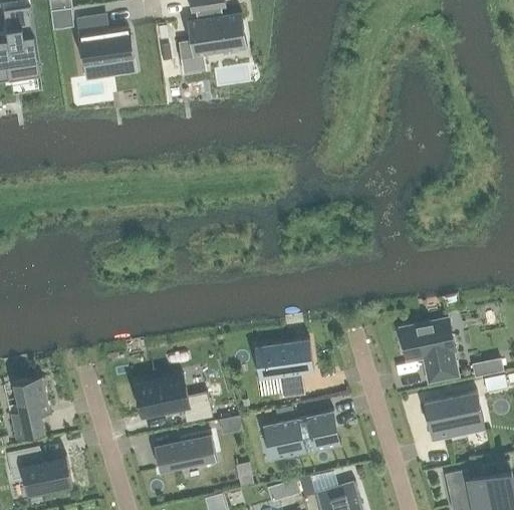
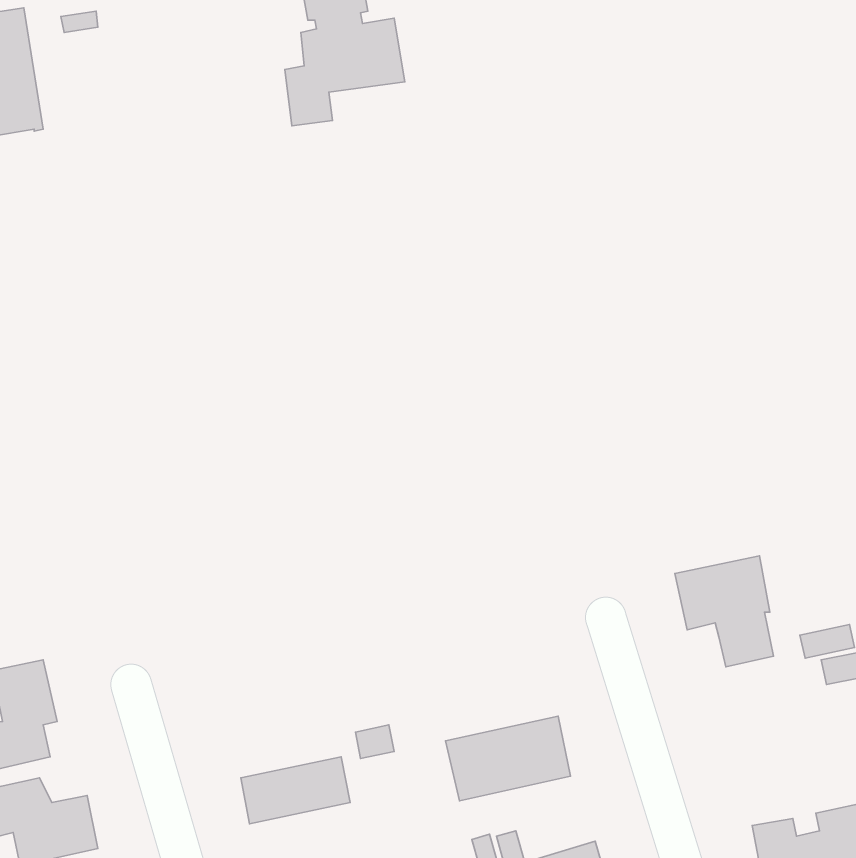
building: [78,17,134,73] -> none
building: [254,339,313,399] -> none
building: [135,372,211,424] -> none
building: [422,391,483,443] -> none

